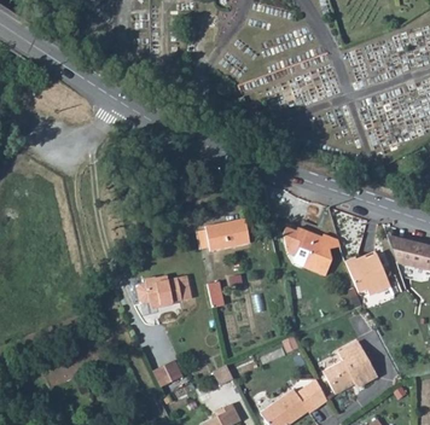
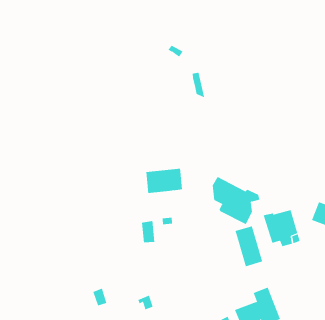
building: none -> [235,225,263,267]
building: [136,275,191,307] -> none

